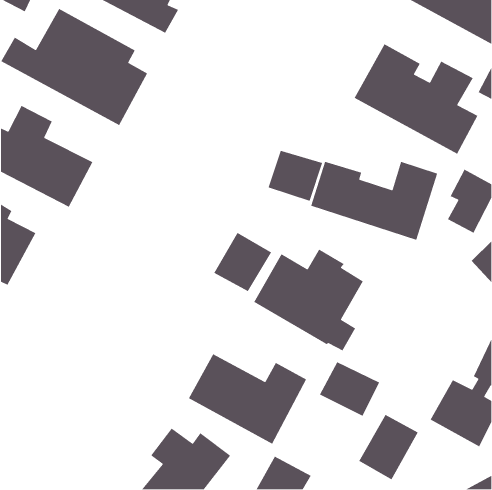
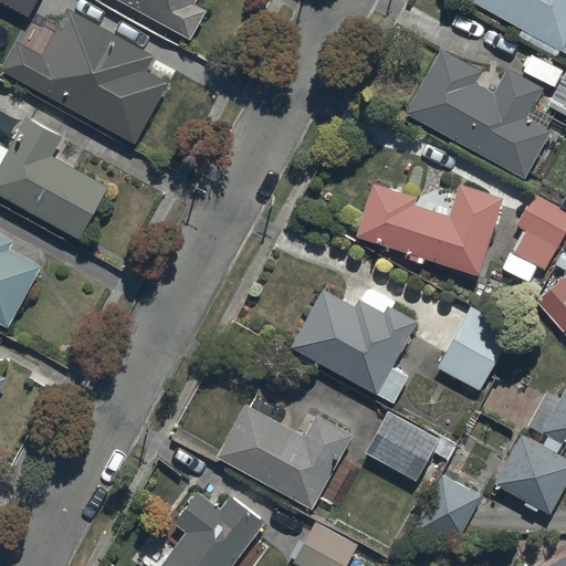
building: [267,150,323,202] -> none
building: [213,232,272,292] -> none
building: none -> [439,305,512,389]

